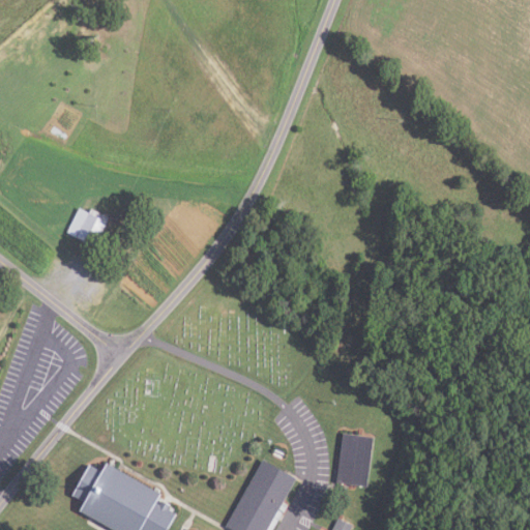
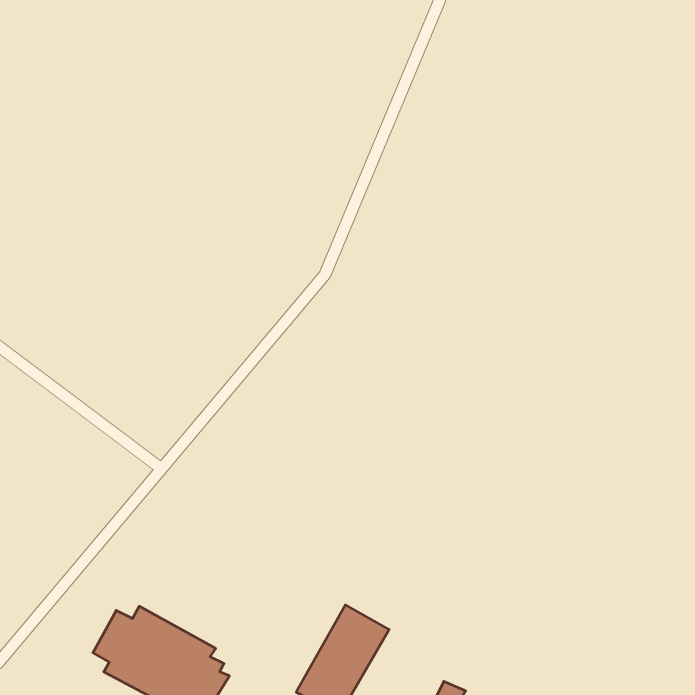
building: [65,210,108,248] -> none
building: [334,435,373,487] -> none

